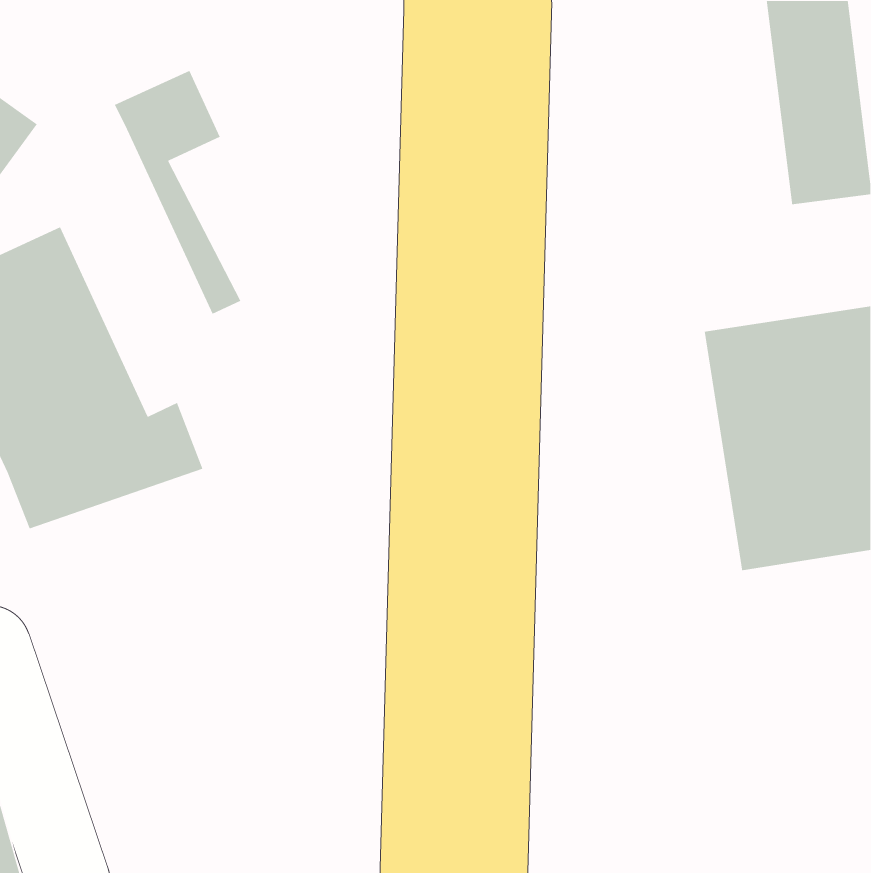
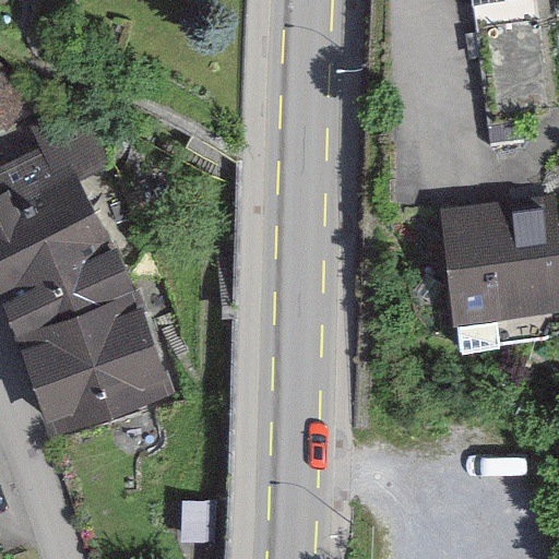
building: [114,70,241,315] -> [32,114,112,269]
building: none -> [19,302,160,430]

